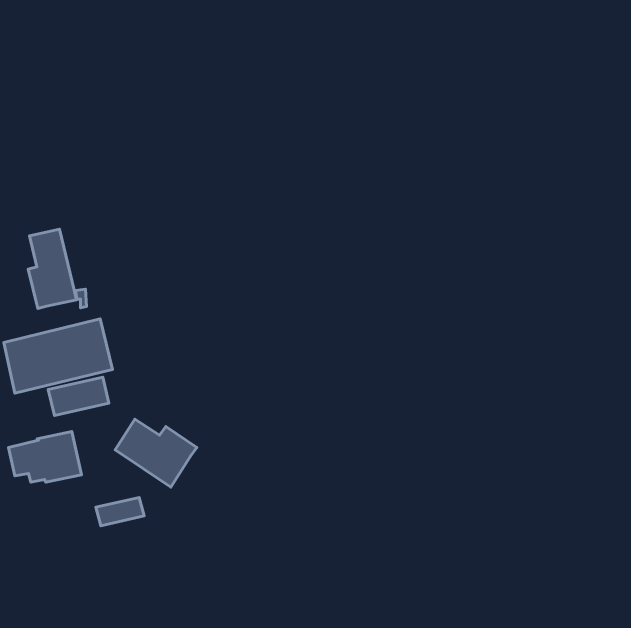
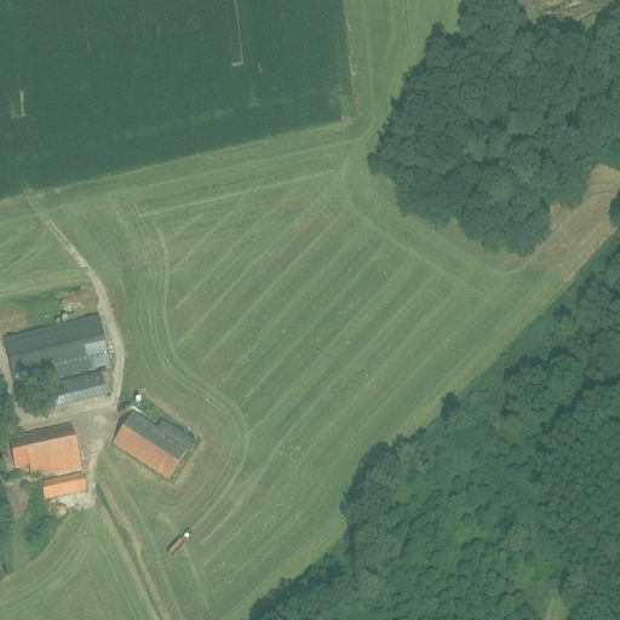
building: [28,229,76,309] -> none
building: [96,497,144,526] -> [40,470,87,498]

